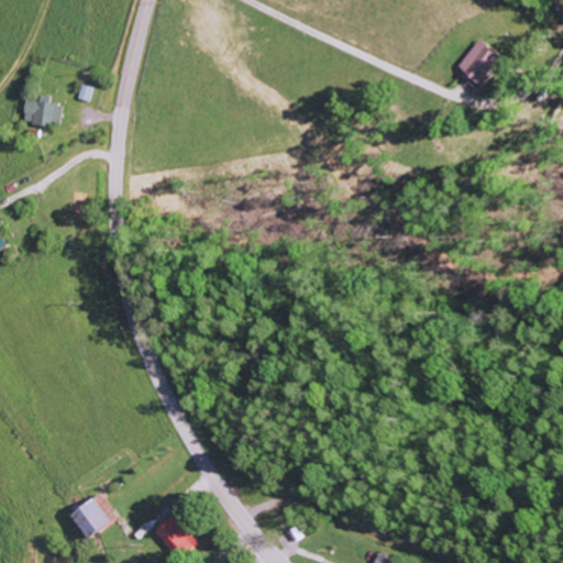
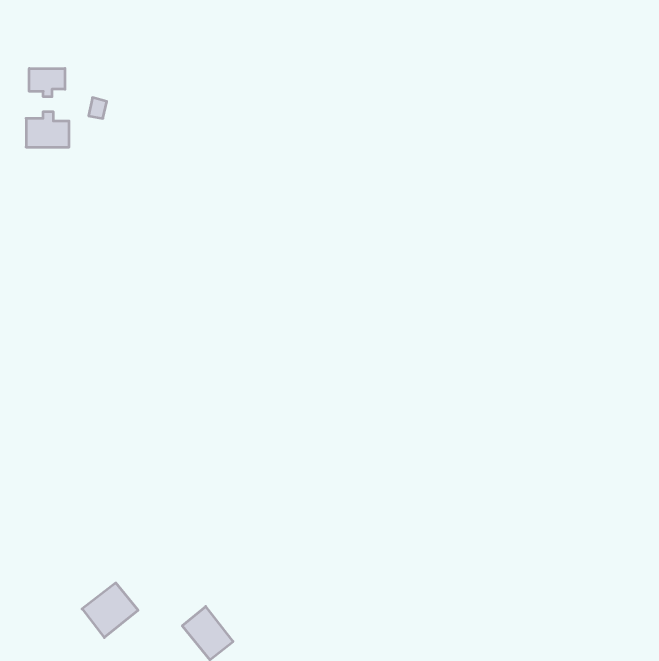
building: [459,38,503,82] -> none
building: none -> [29,68,65,97]

